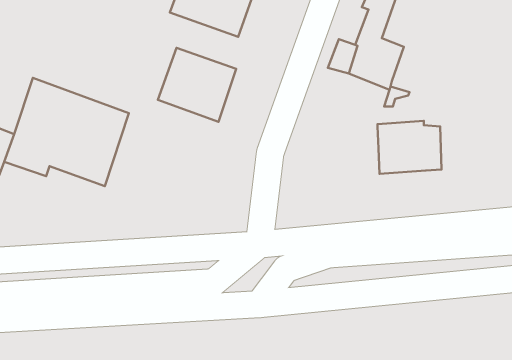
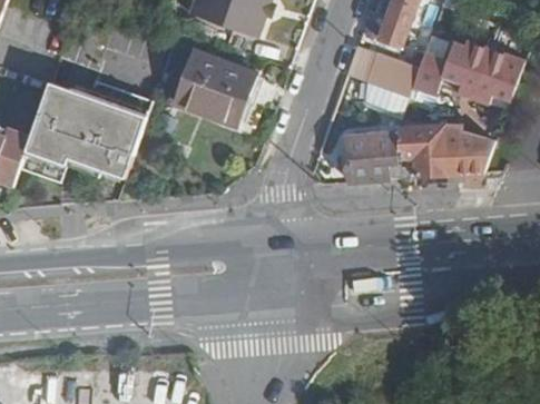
building: none -> [411,37,522,108]
building: none -> [346,129,397,180]
building: none -> [460,129,493,173]

